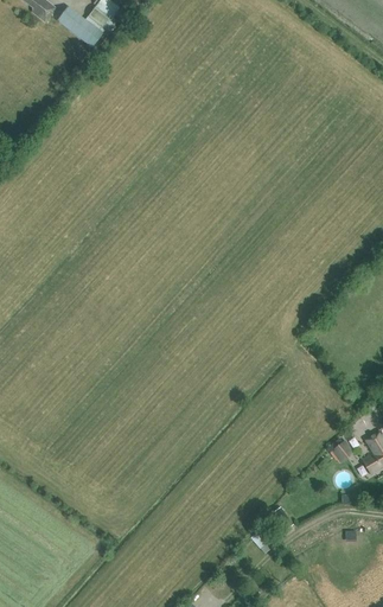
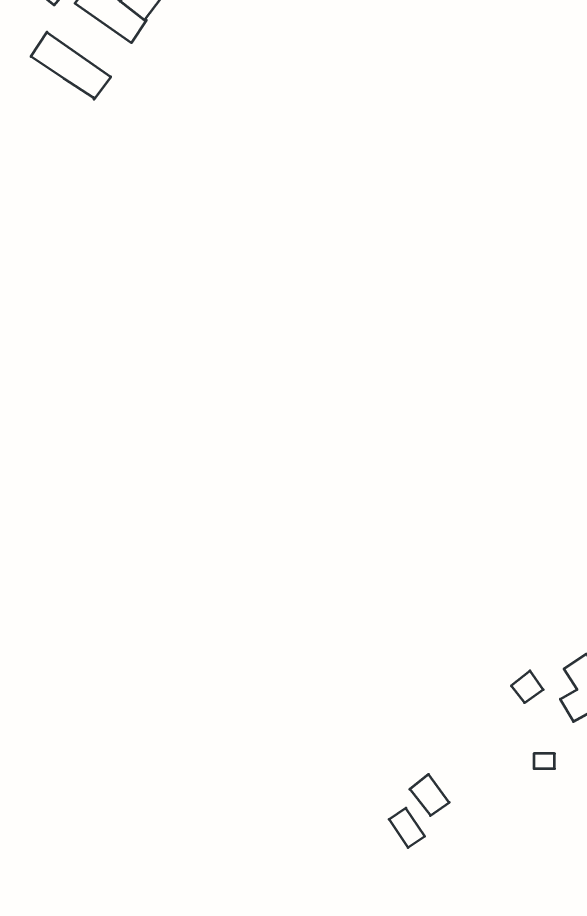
building: none -> [31,32,111,99]

